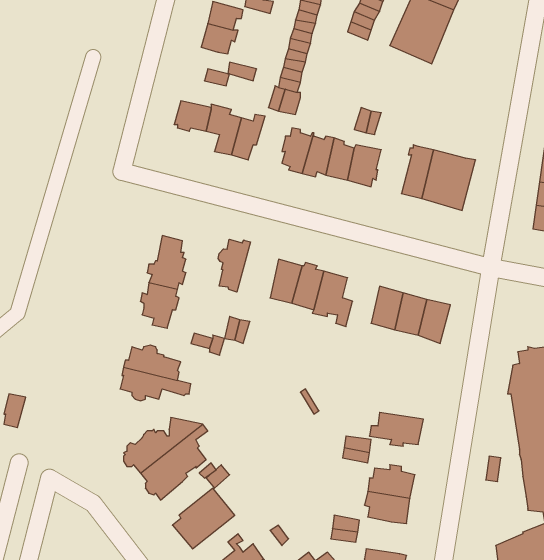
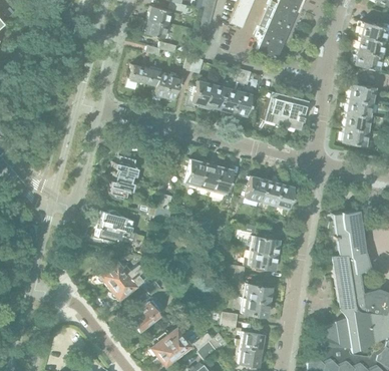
building: none -> [257,32,284,58]
building: [218,239,250,292] -> none
building: none -> [253,237,281,255]

